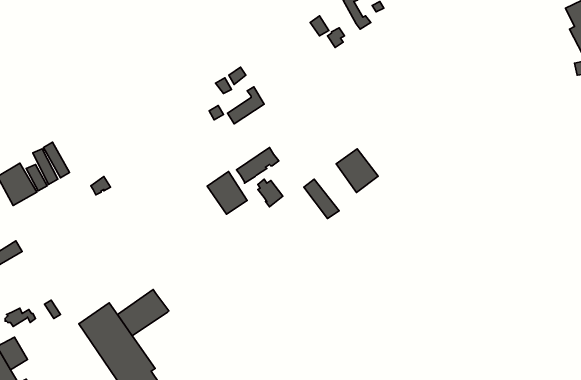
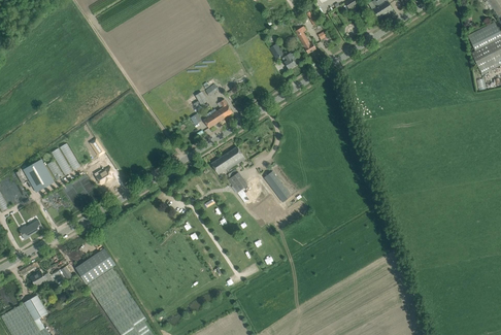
building: [336,149,378,192] -> none
building: [207,172,247,214] -> none
building: [118,290,169,336] -> [76,248,116,284]

